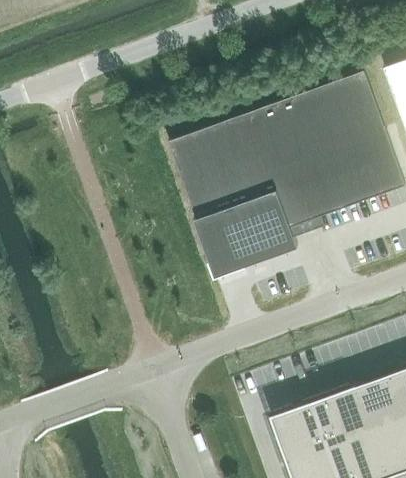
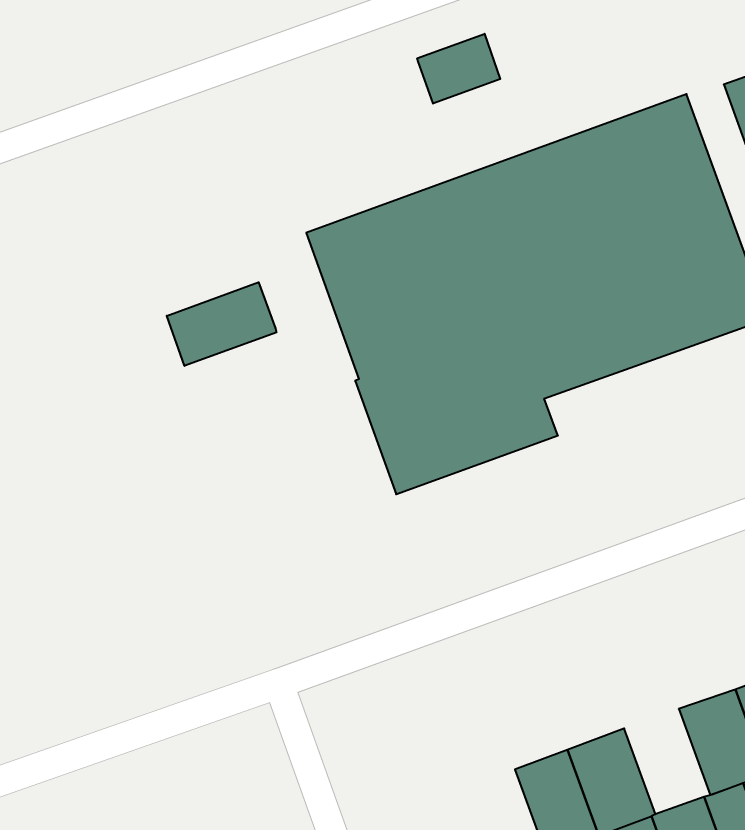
building: none -> [417,34,500,104]
building: none -> [167,282,276,366]
building: [332,386,376,440] -> none

